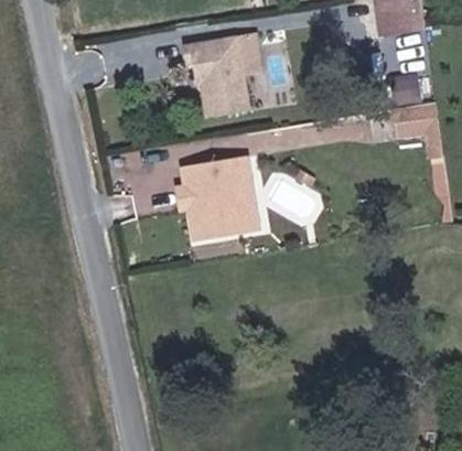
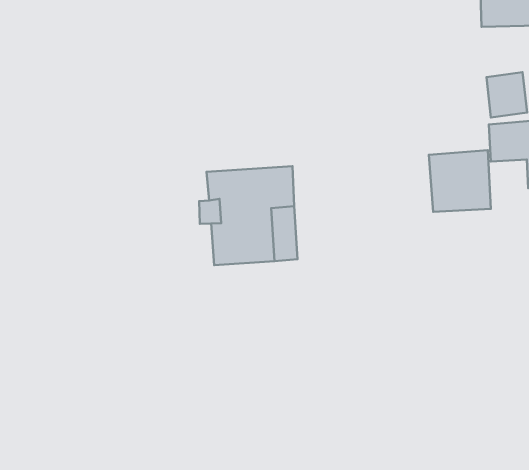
building: [182,37,249,118] -> none
building: none -> [429,150,491,212]

